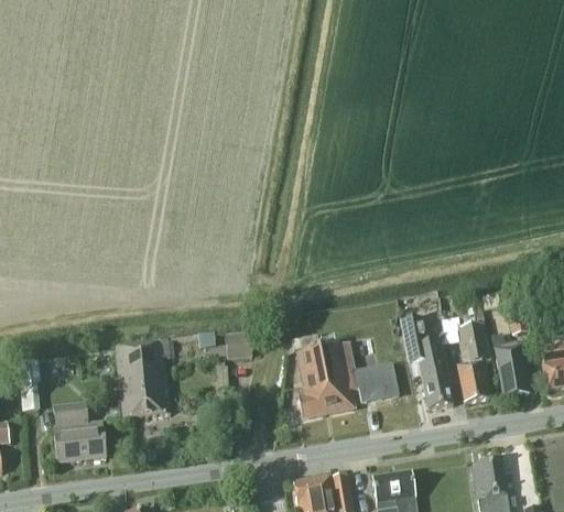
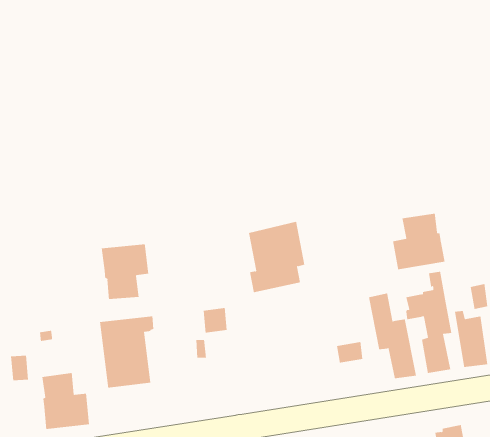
building: none -> [393,213,445,270]
building: none -> [101,244,149,300]
building: [296,342,357,418] -> [248,221,305,293]

